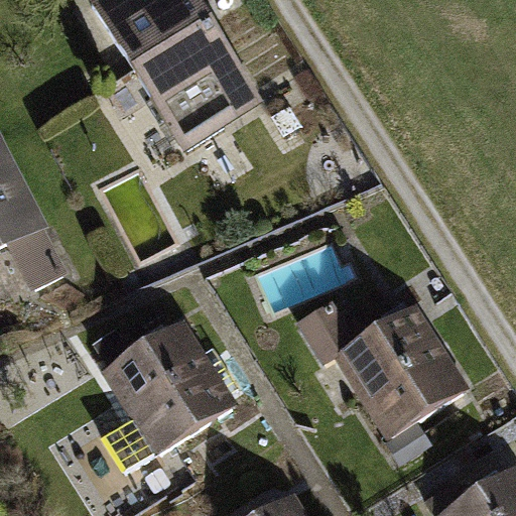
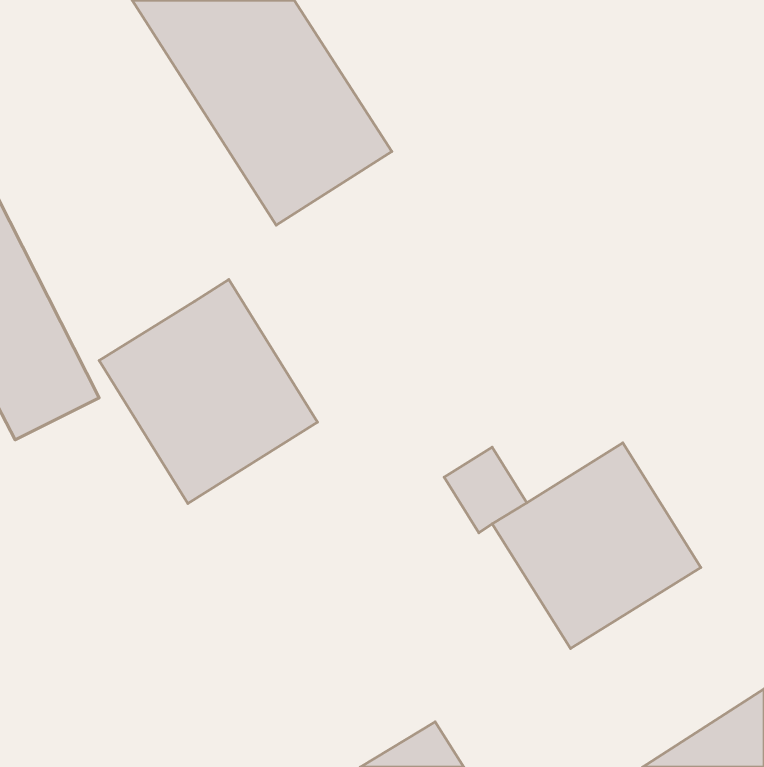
building: none -> [99,279,317,503]
building: [75,316,236,488] -> none

